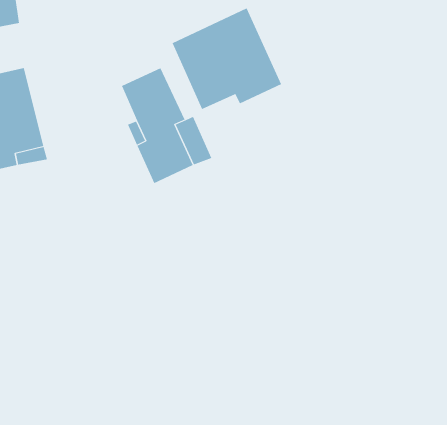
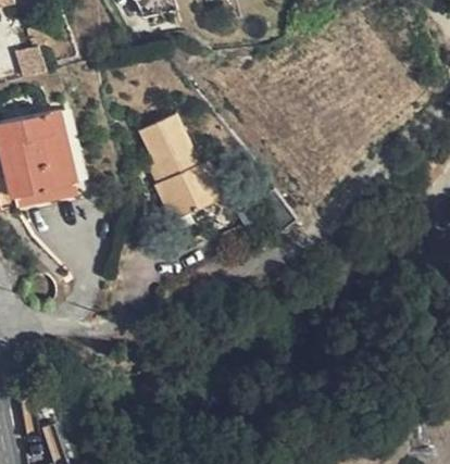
building: [172,8,282,110] -> none

